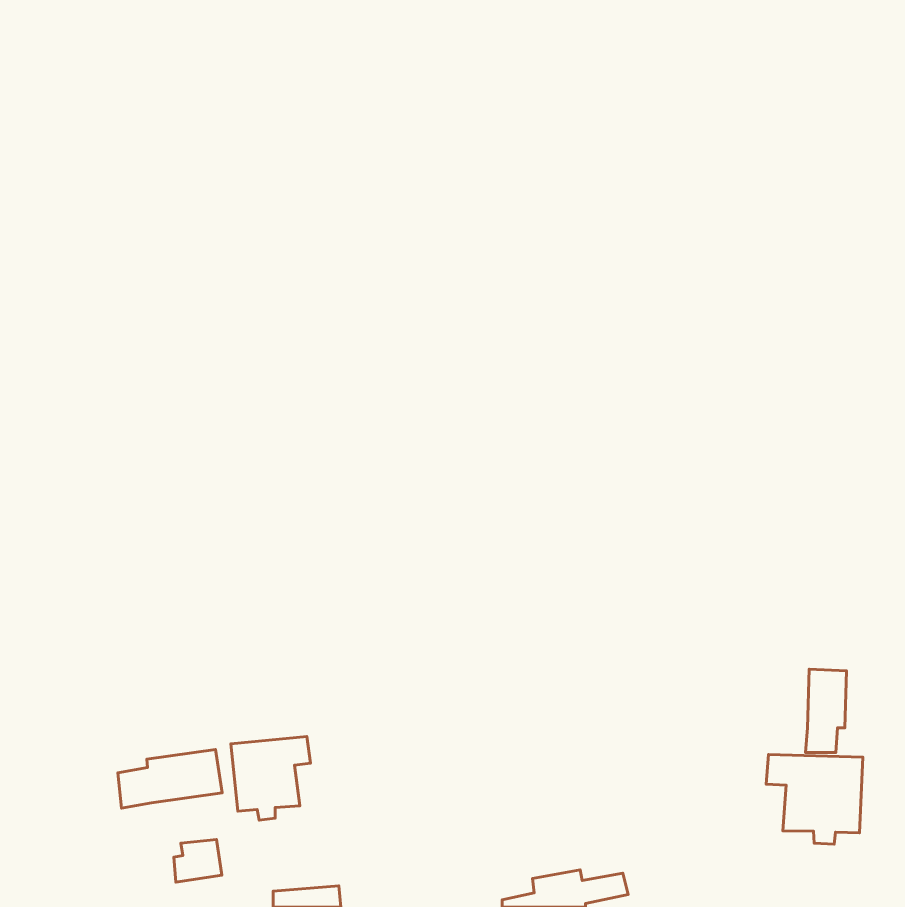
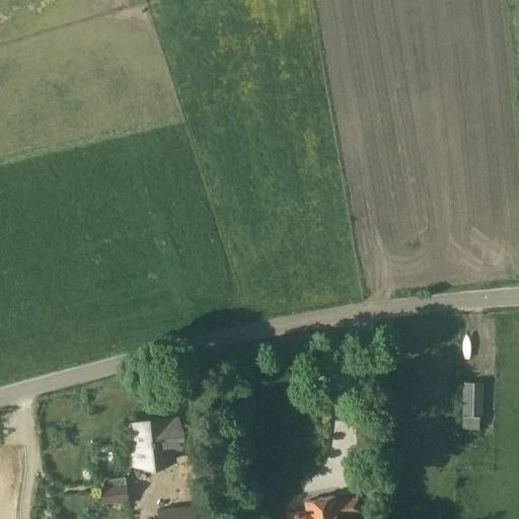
building: [118,749,222,808] -> none
building: [766,754,863,844] -> none

